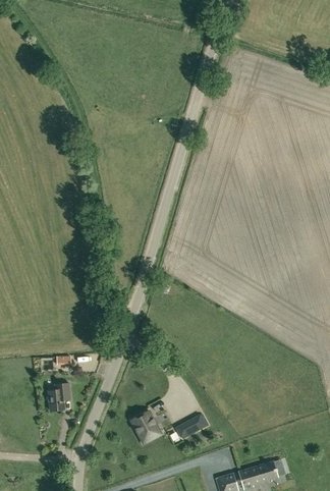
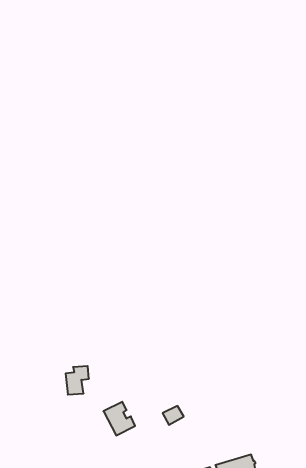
building: [48,383,70,411] -> [66,366,89,395]

